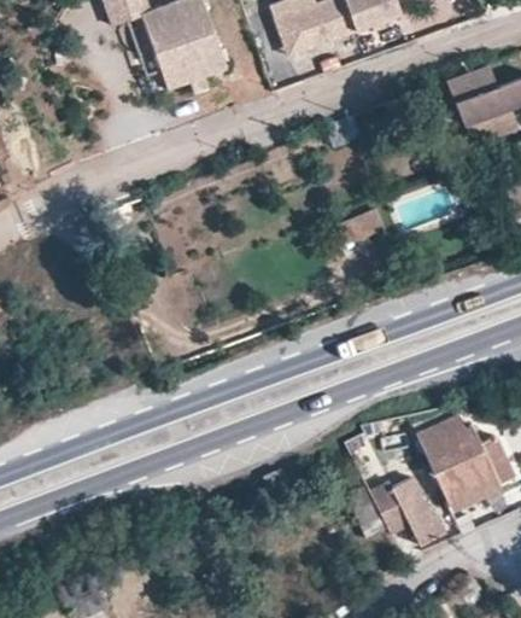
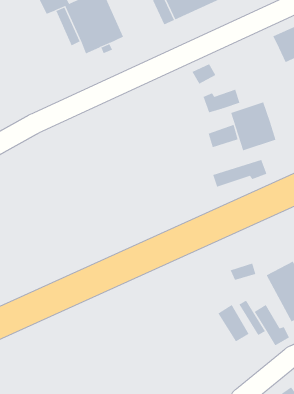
building: none -> [203,89,240,113]
building: none -> [230,101,276,151]
building: none -> [212,159,267,188]

